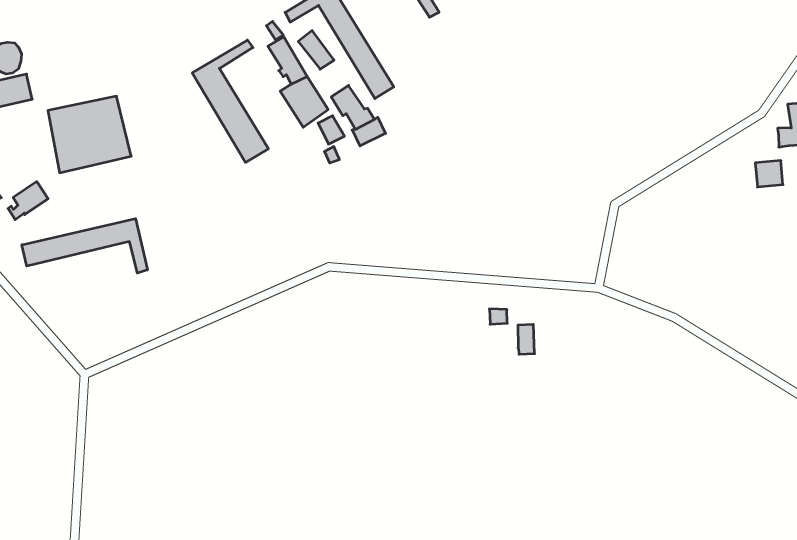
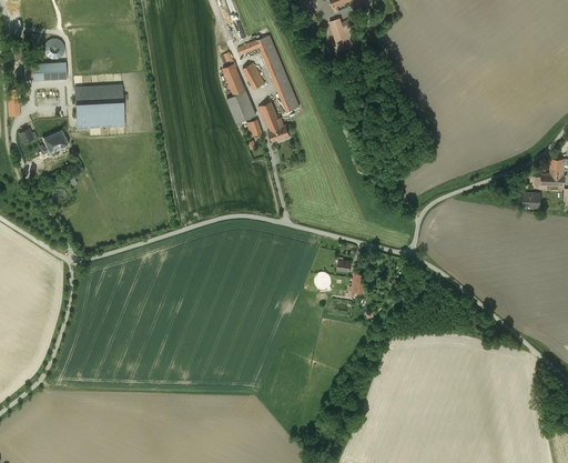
building: [192,40,268,162] -> none
building: [22,219,147,273] -> none

